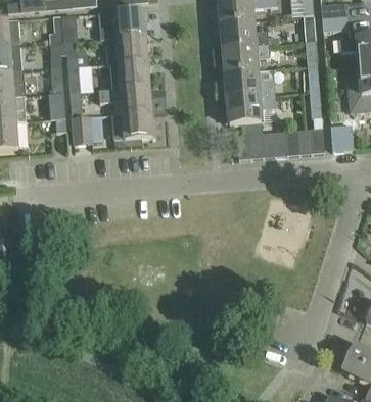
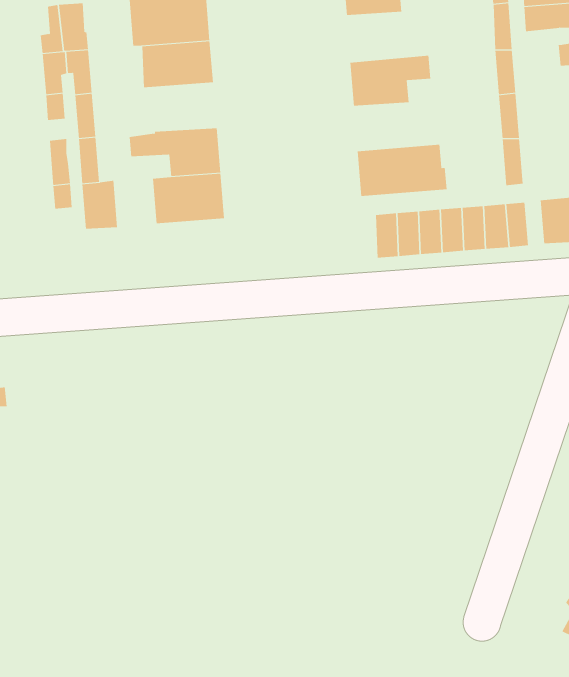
building: [221,20,268,49] -> none
building: [106,60,148,88] -> none
building: [225,71,274,99] -> none

